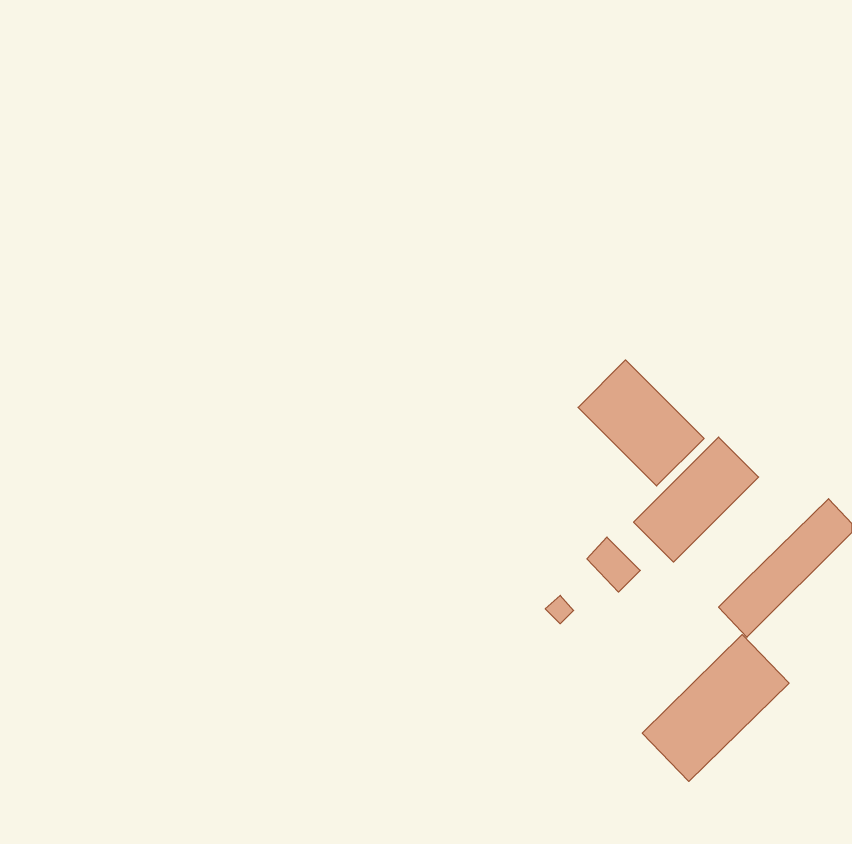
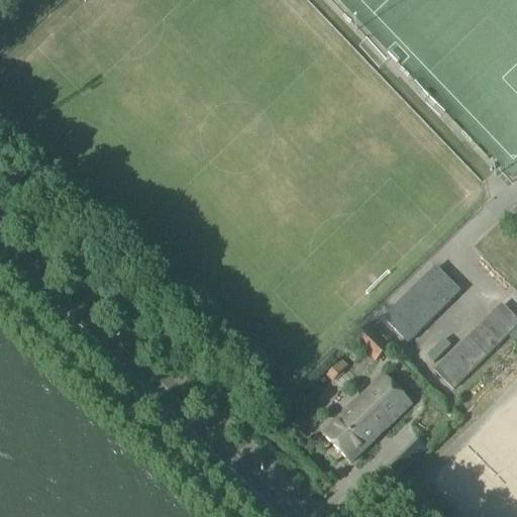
building: [578,360,704,486] -> none
building: [642,635,789,781] -> [322,372,411,460]

